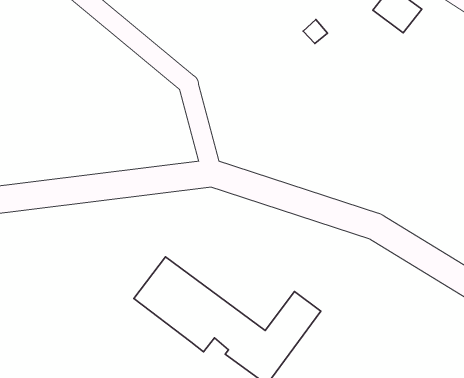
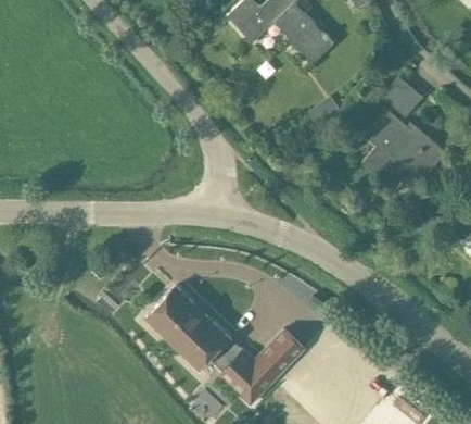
building: none -> [359,109,445,188]

